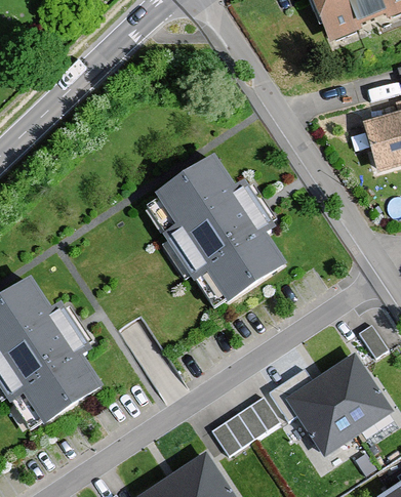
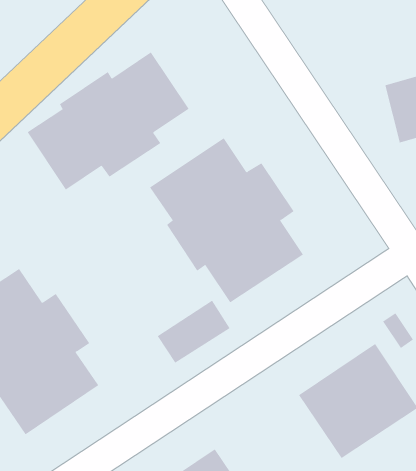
building: none -> [27,52,190,190]
building: [214,396,281,453] -> [157,300,231,363]

